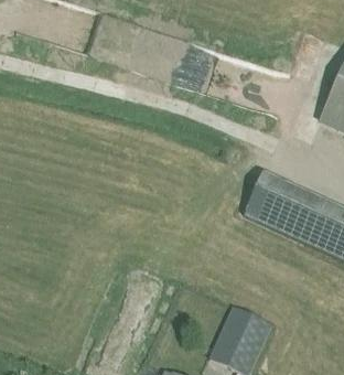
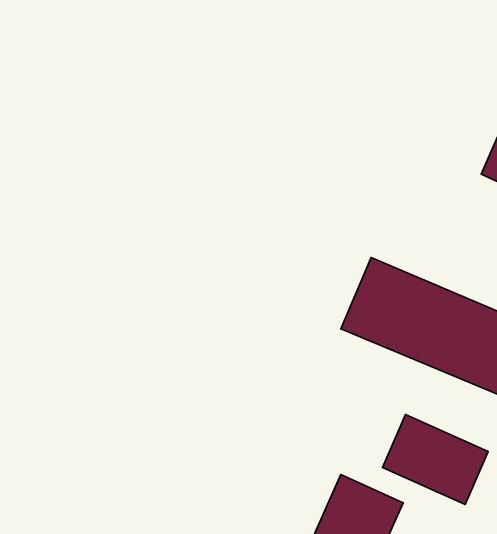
building: none -> [382,415,488,505]

